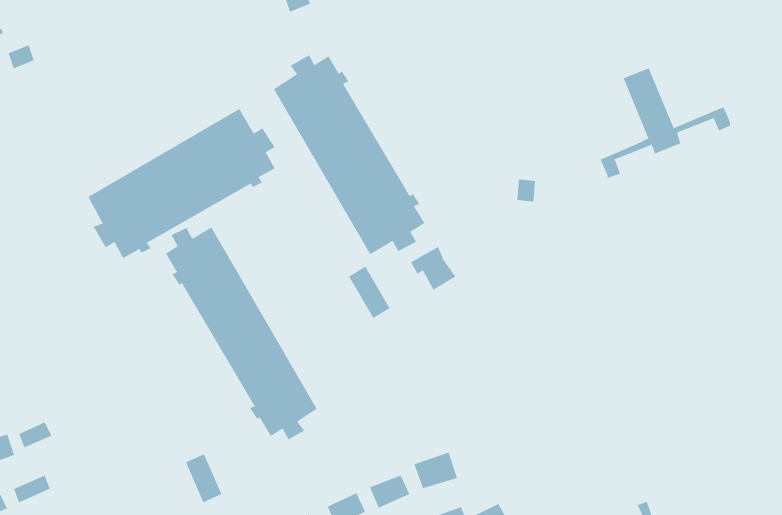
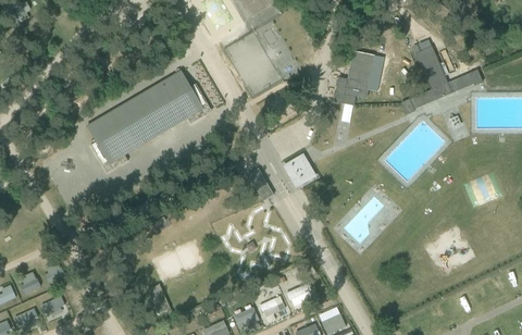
building: [273,54,425,255] -> none
building: none -> [334,50,374,104]
building: [165,227,317,440] -> none

